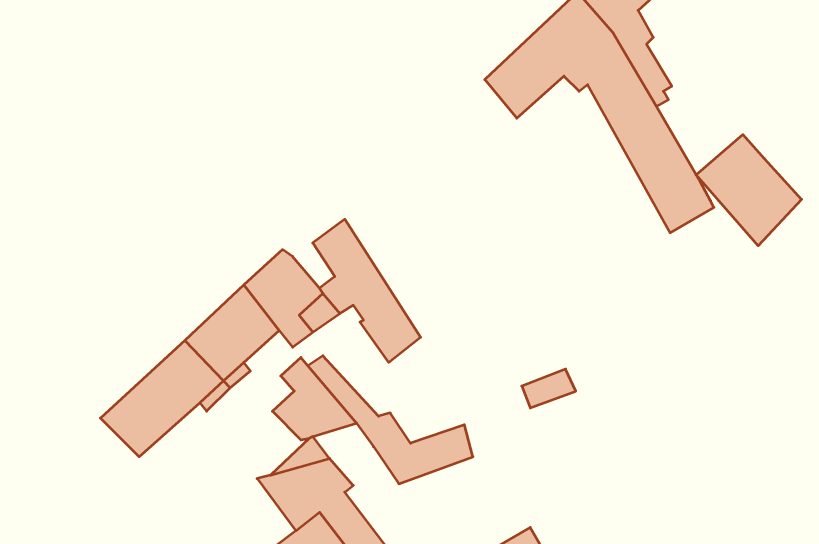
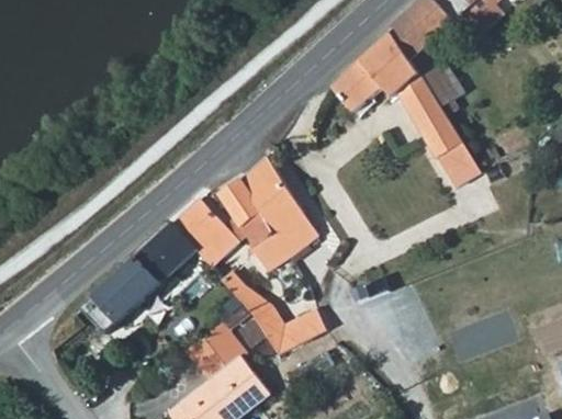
building: [696,135,802,246] -> none
building: none -> [240,155,318,256]

